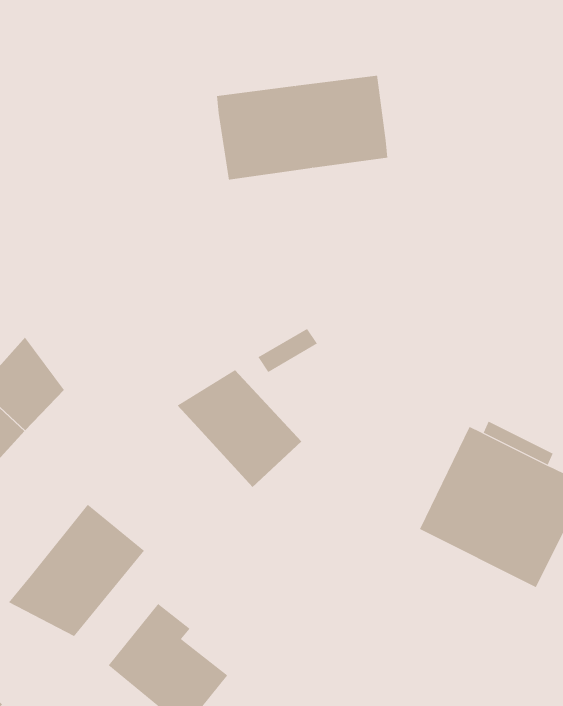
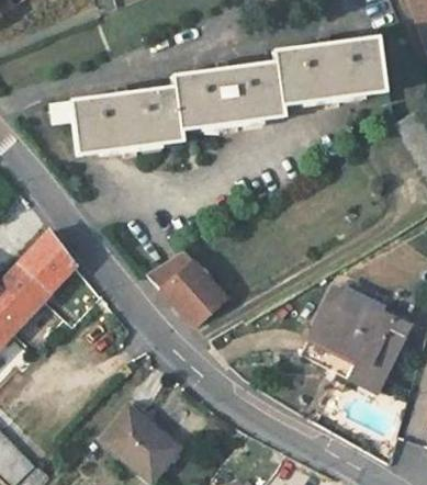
building: none -> [272,37,384,104]
building: none -> [50,87,180,154]
building: [8,504,145,637] -> none

